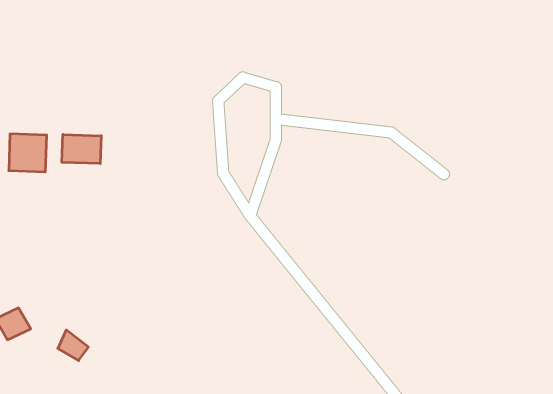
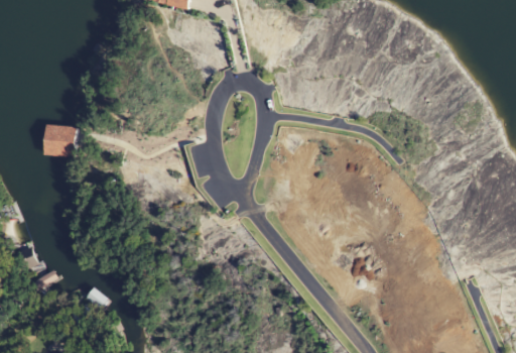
building: [62,134,101,164] -> none

